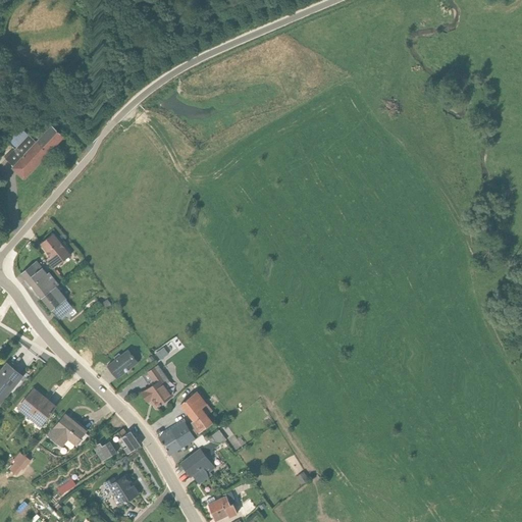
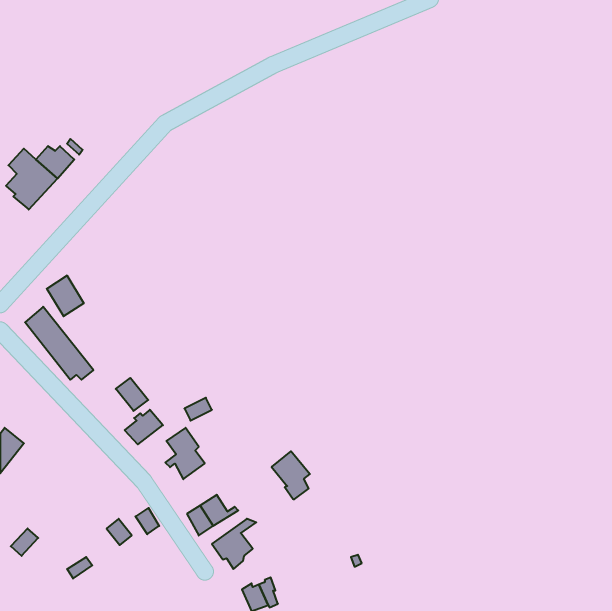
building: none -> [116,378,148,411]
building: [16,390,56,426] -> none
building: [180,390,213,431] -> [272,451,310,499]
building: [48,414,86,448] -> none
building: [103,475,138,504] -> none

